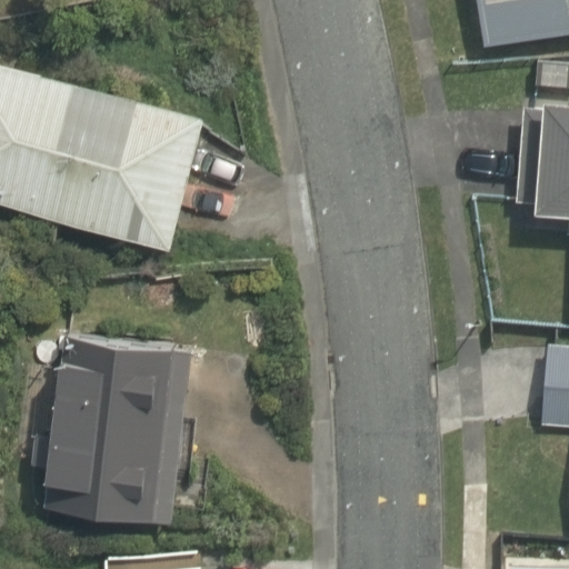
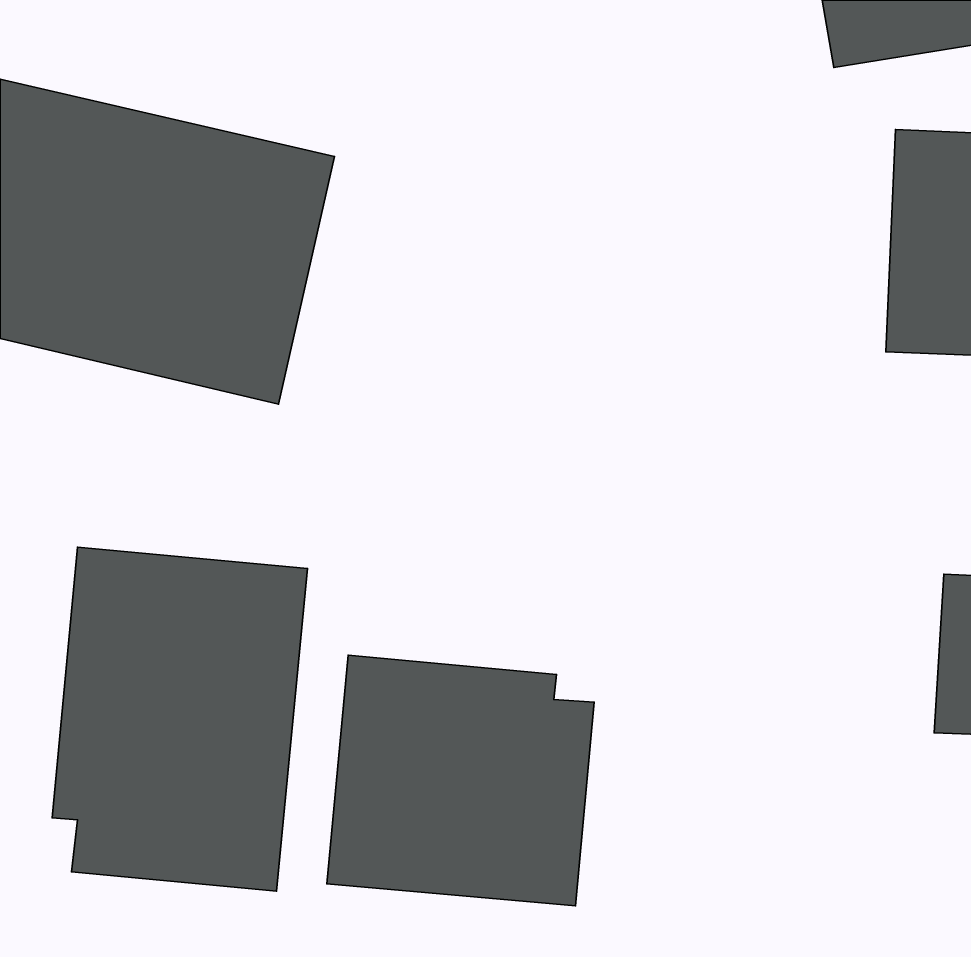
building: none -> [327,655,594,906]

